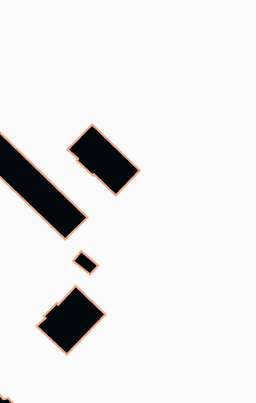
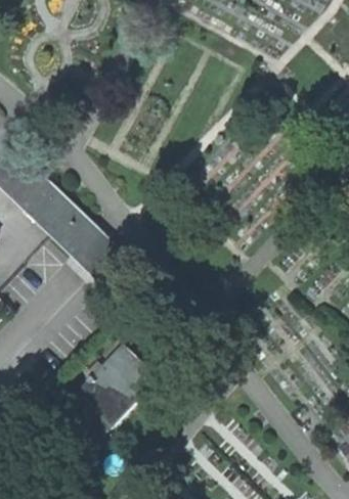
building: [67,125,140,196] -> none

